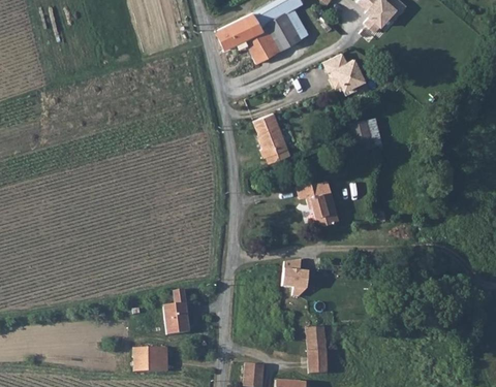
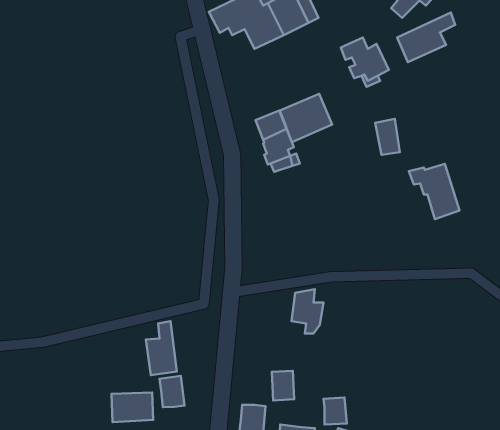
building: none -> [397,13,455,62]
building: none -> [280,94,332,142]
building: [299,185,341,231] -> [409,164,459,219]
building: [310,330,329,355] -> [272,371,294,400]
building: none -> [160,376,184,407]

